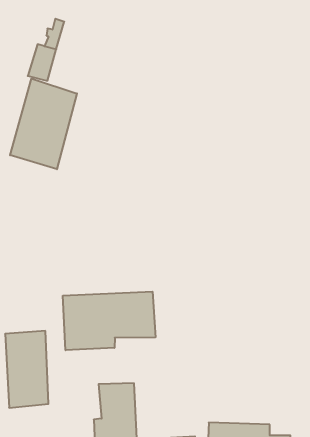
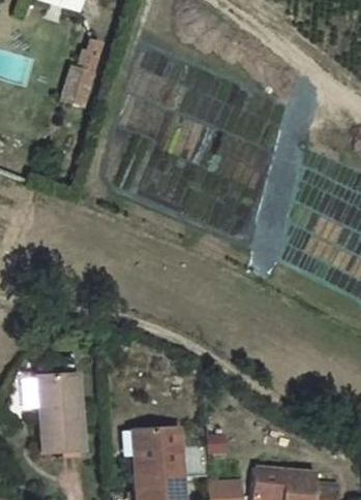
building: [10,79,77,169] -> none
building: [63,292,155,350] -> none

